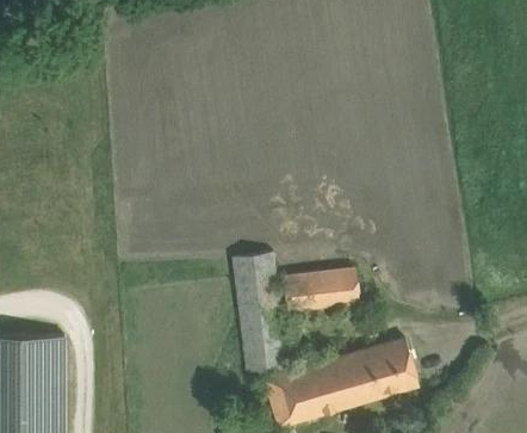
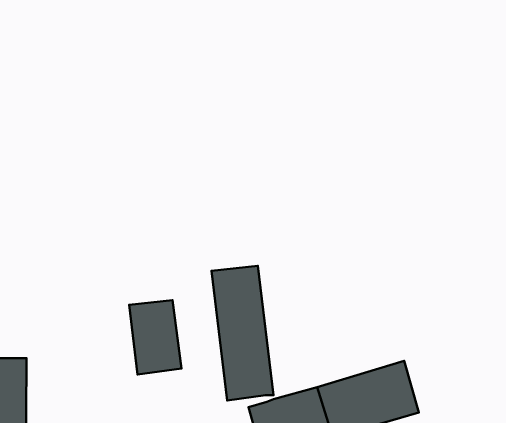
building: [284,270,358,310] -> none
building: none -> [129,300,181,375]

